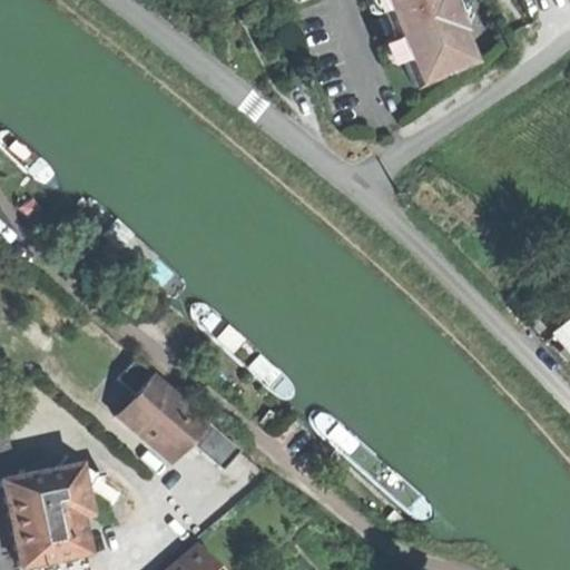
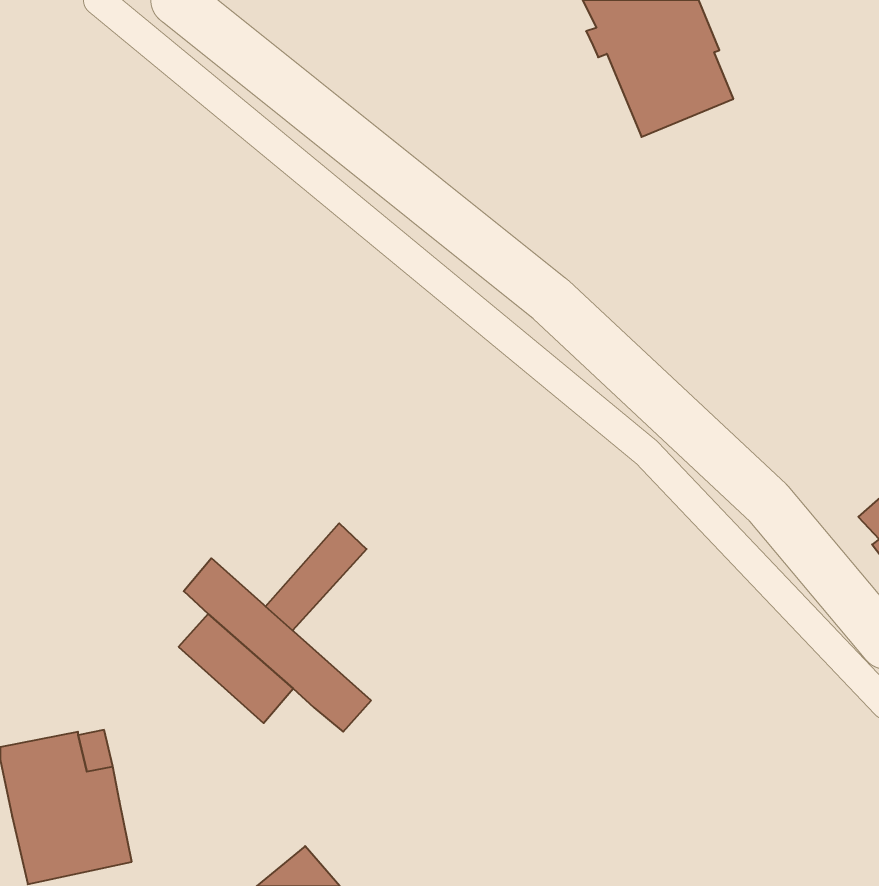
building: none -> [265,523,367,631]
building: [55,456,107,514] -> none

